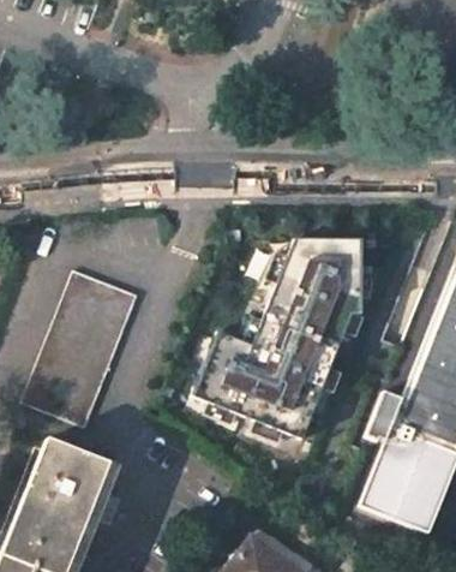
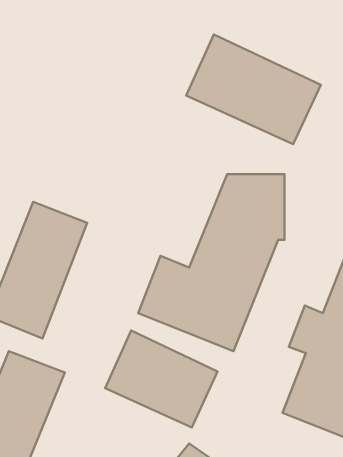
building: none -> [186,34,321,144]
building: none -> [105,330,218,428]

